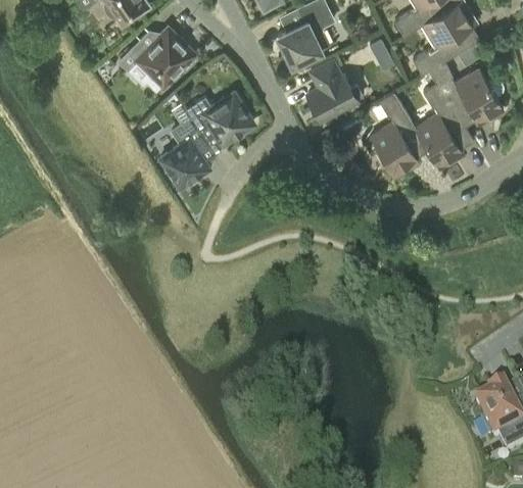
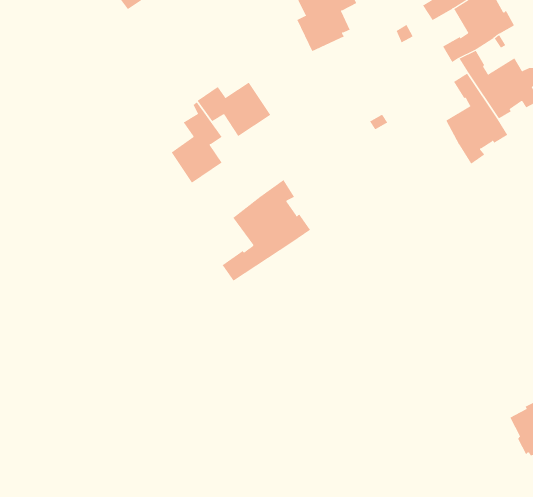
building: [121,27,196,89] -> none
building: [308,60,363,119] -> none
building: [370,91,428,177] -> none
building: none -> [222,179,311,282]

